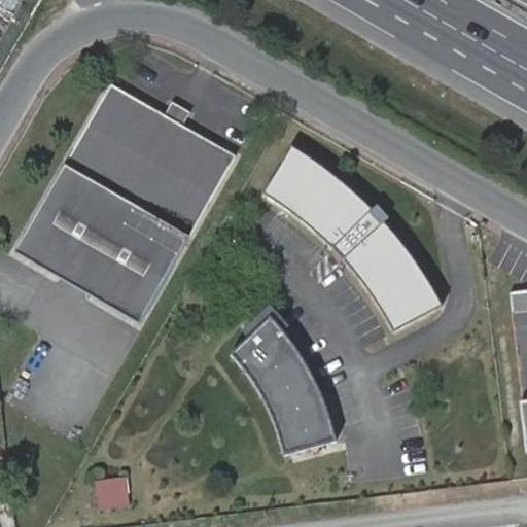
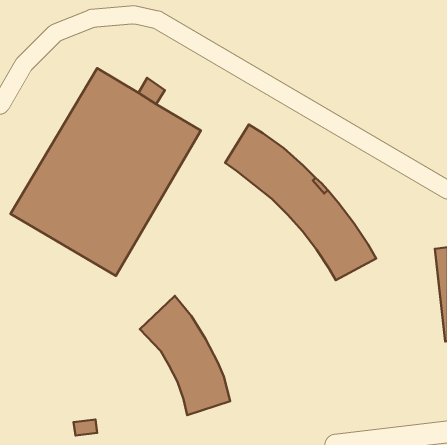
building: [231,314,337,454] -> [140,296,230,415]

